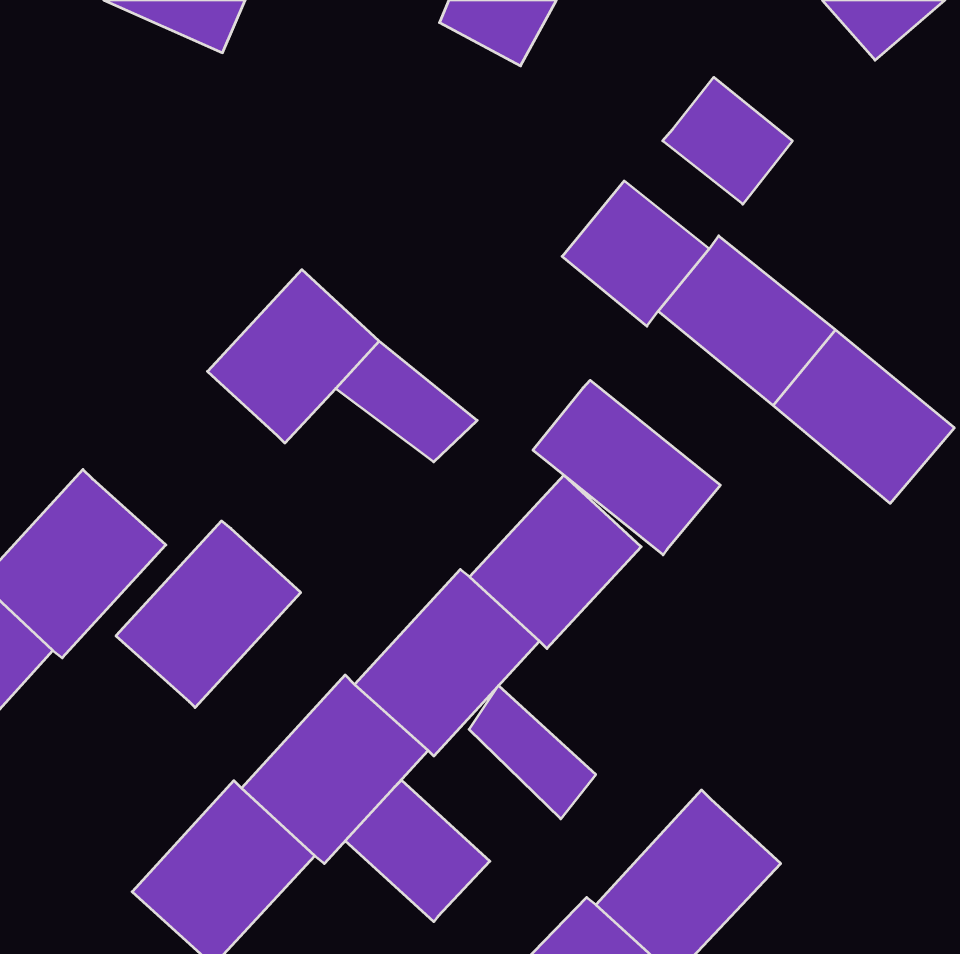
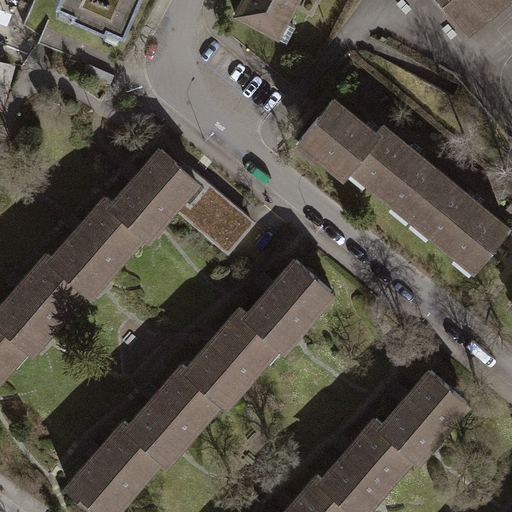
building: [663,77,792,204] -> none
building: [533,380,720,555] -> none
building: [116,521,301,708] -> [49,198,147,297]
building: [469,685,596,819] -> none
building: none -> [377,374,469,466]
building: [345,780,490,922] -> none

